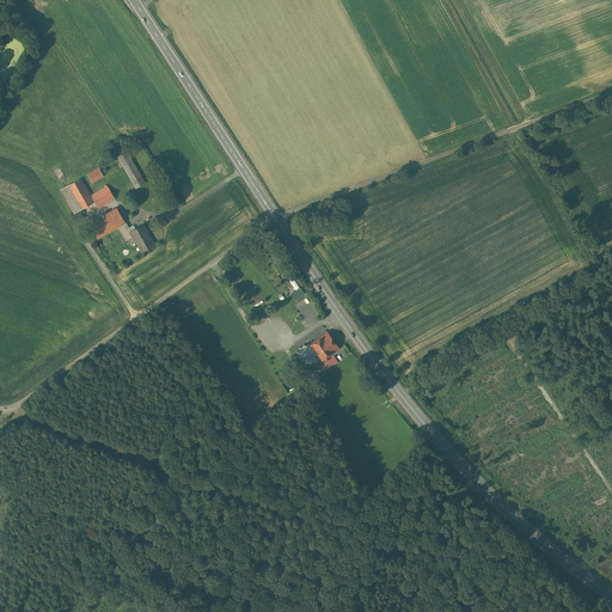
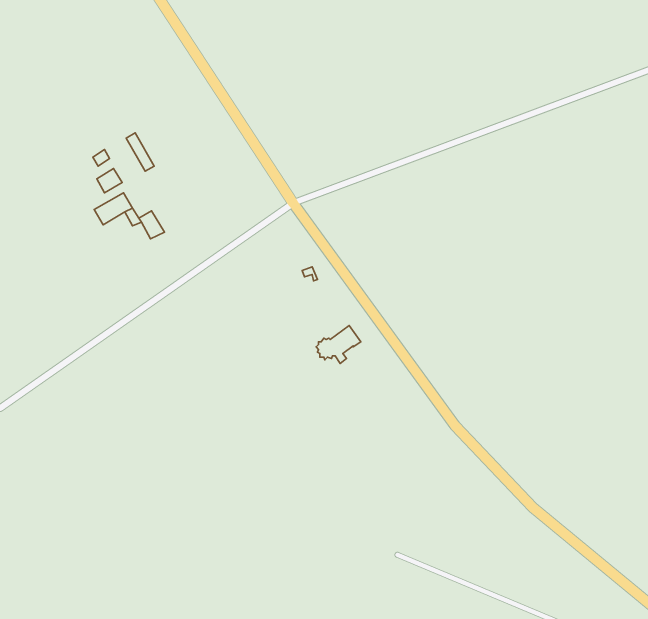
building: [62,178,94,214] -> none

